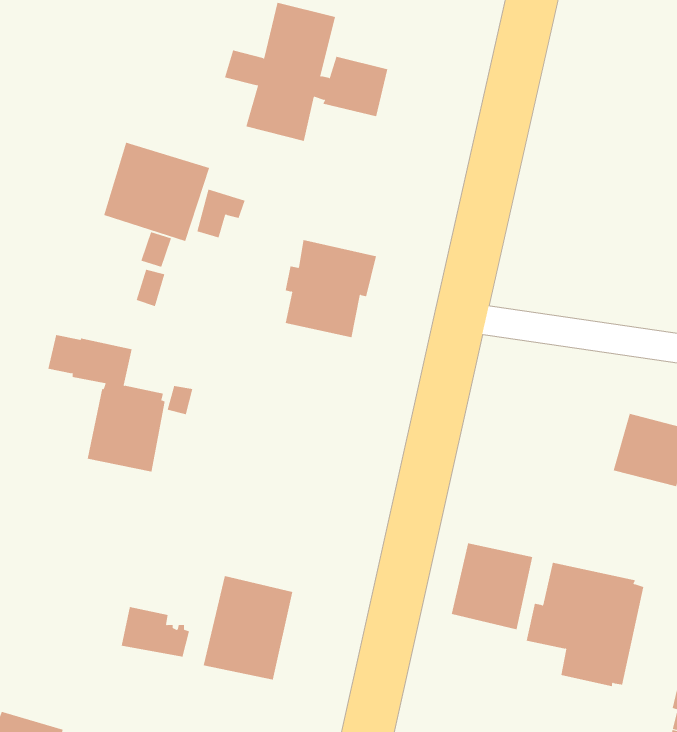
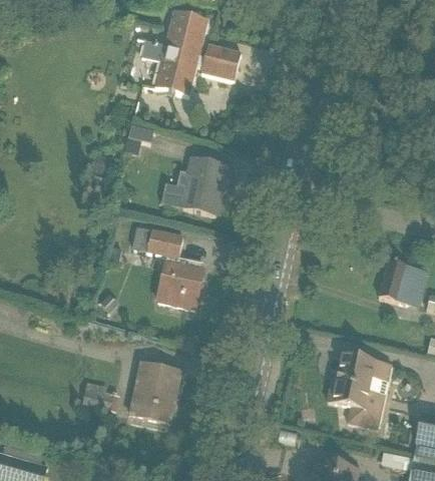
building: [104,142,210,242] -> none
building: [47,334,165,472] -> [131,225,203,310]
building: [451,543,533,630] -> none

